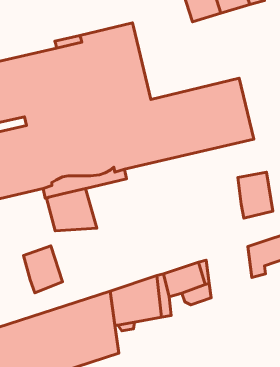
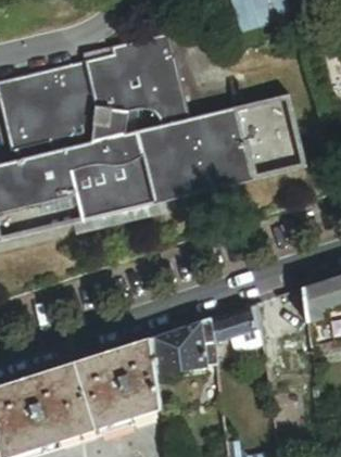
building: [238,172,273,218] -> none
building: [46,189,97,231] -> none
building: [23,246,62,293] -> none

